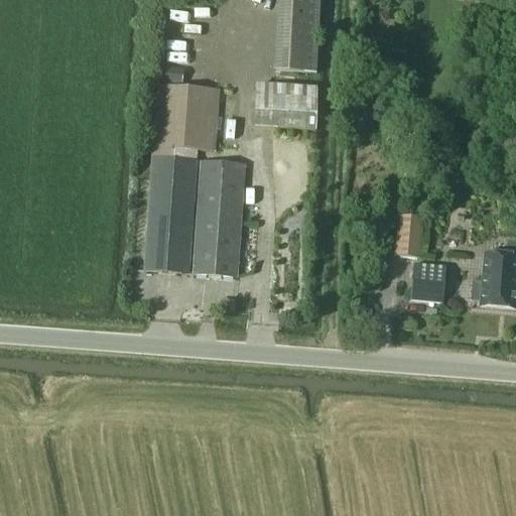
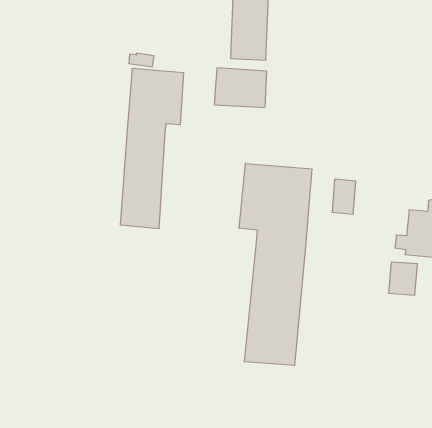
building: [194,160,245,275] -> none
building: none -> [239,163,312,366]
building: [411,261,445,300] -> [389,262,417,295]

